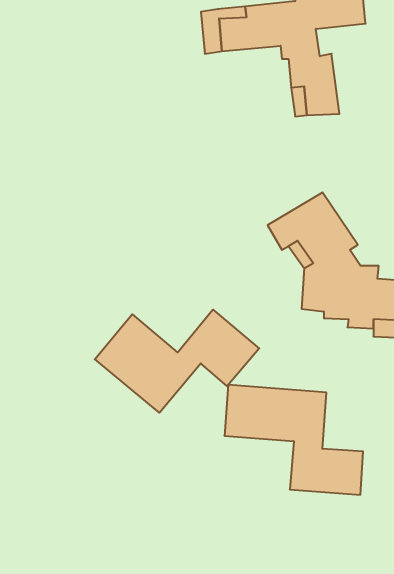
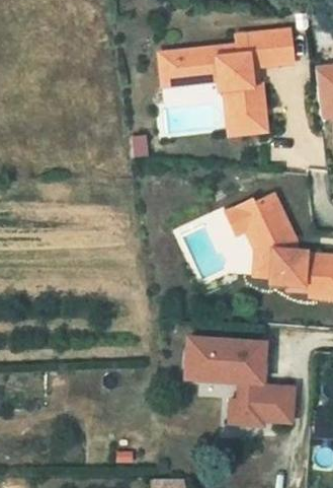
building: [95,310,259,413] -> none

